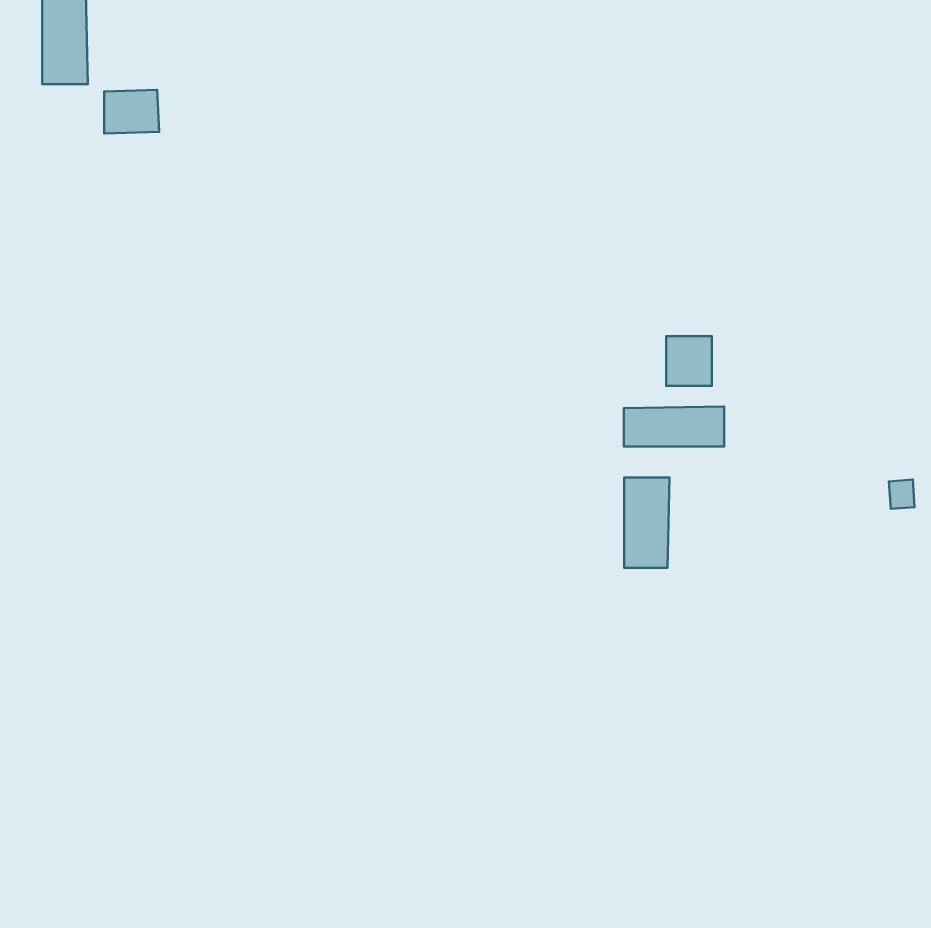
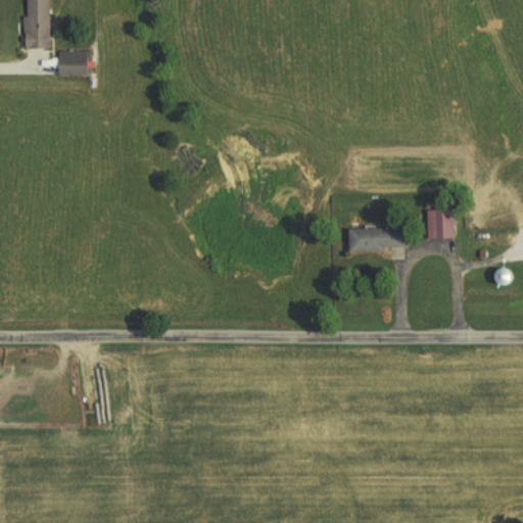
building: [666,336,712,386] -> [427,209,453,237]
building: [624,478,669,568] -> none

